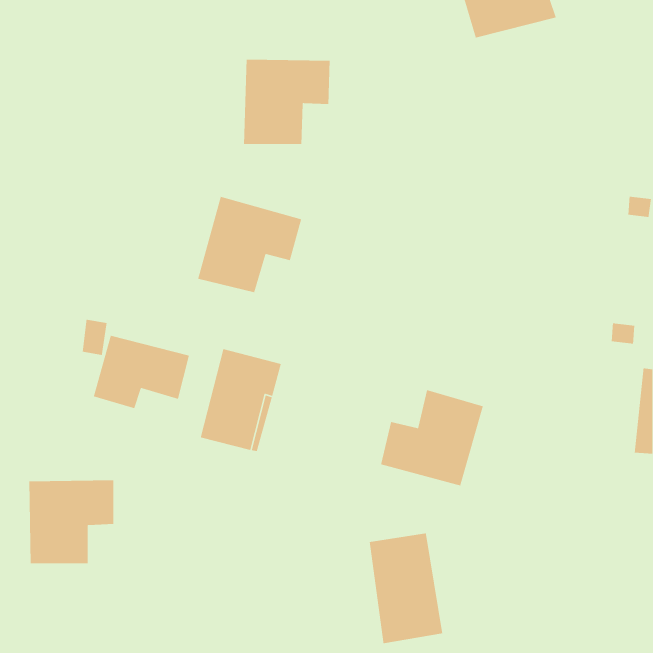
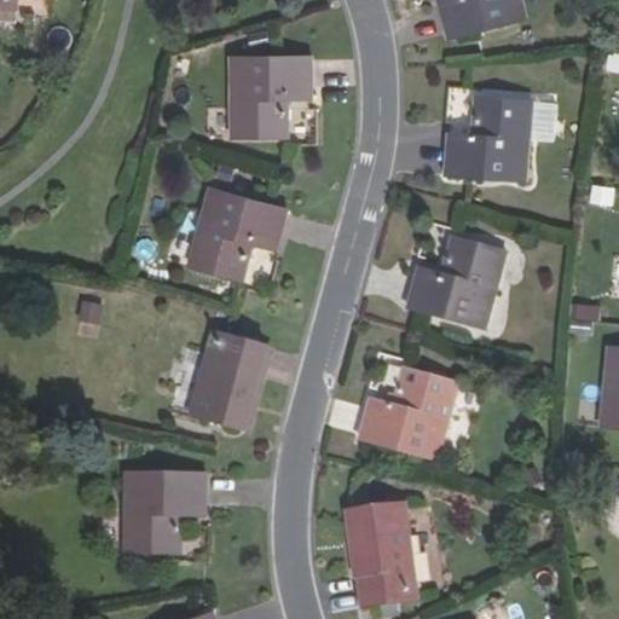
building: none -> [445,97,531,181]
building: none -> [407,236,507,328]
building: [93,335,190,409] -> none
building: [28,480,114,564] -> [123,473,204,553]

